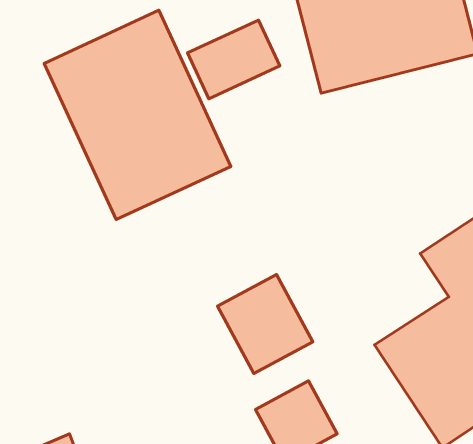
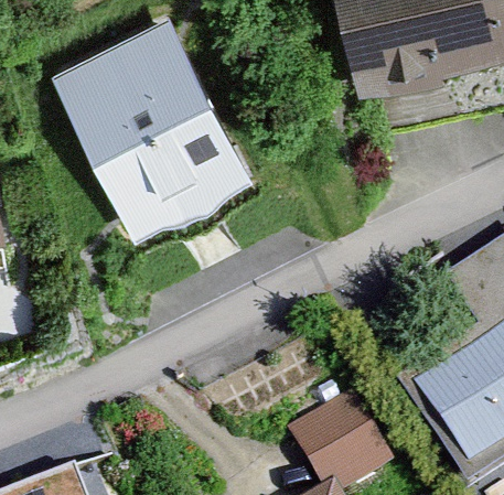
building: [187,20,280,99] -> none
building: [218,275,313,374] -> none

